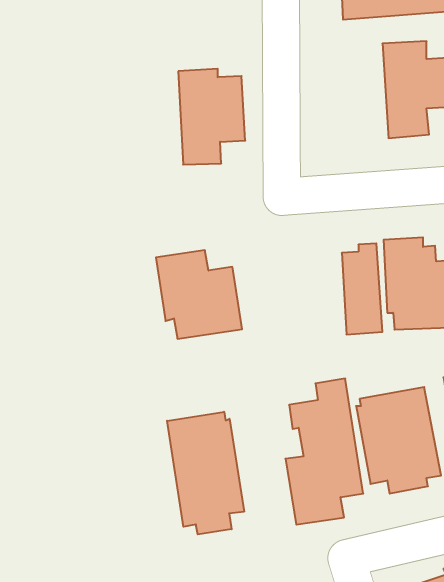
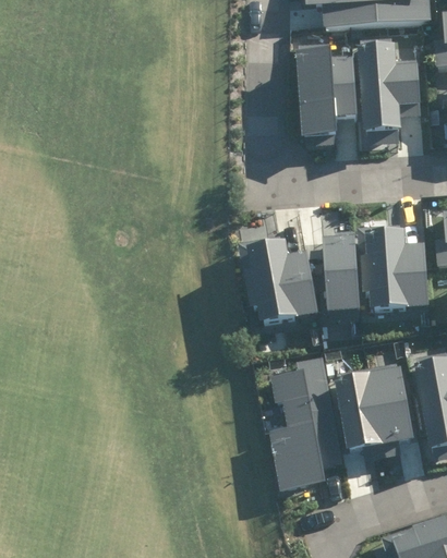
building: [178,69,245,165] -> [298,53,359,141]
building: [156,250,242,339] -> [241,244,319,325]
building: [167,412,244,534] -> none

